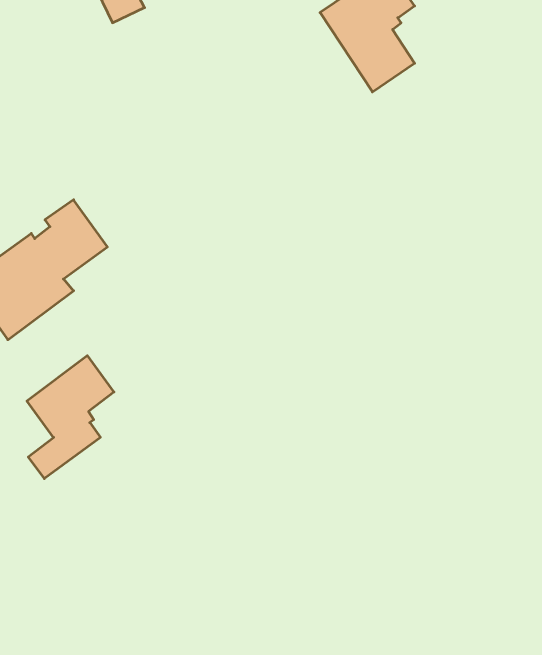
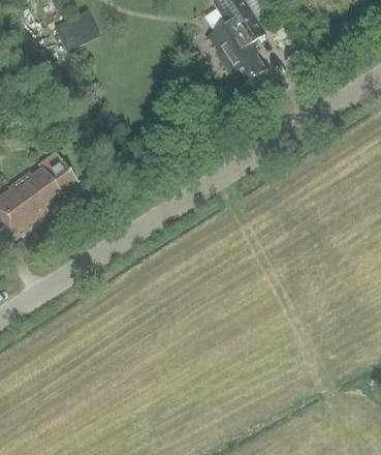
building: [27,356,114,479] -> none

